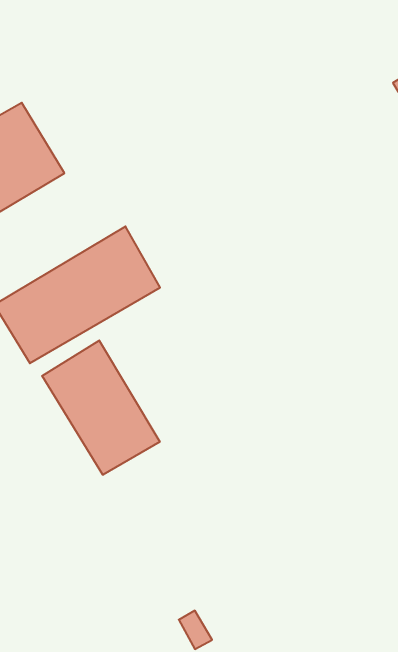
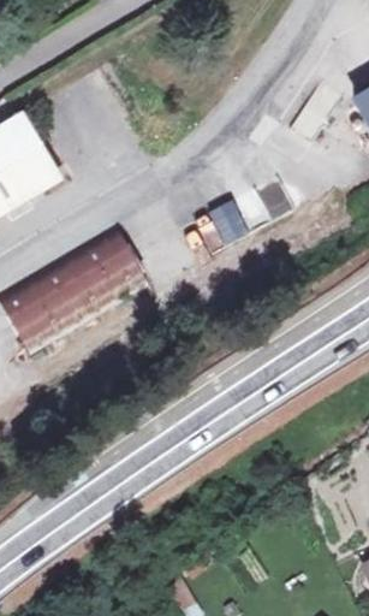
building: [42,340,160,475] -> none

